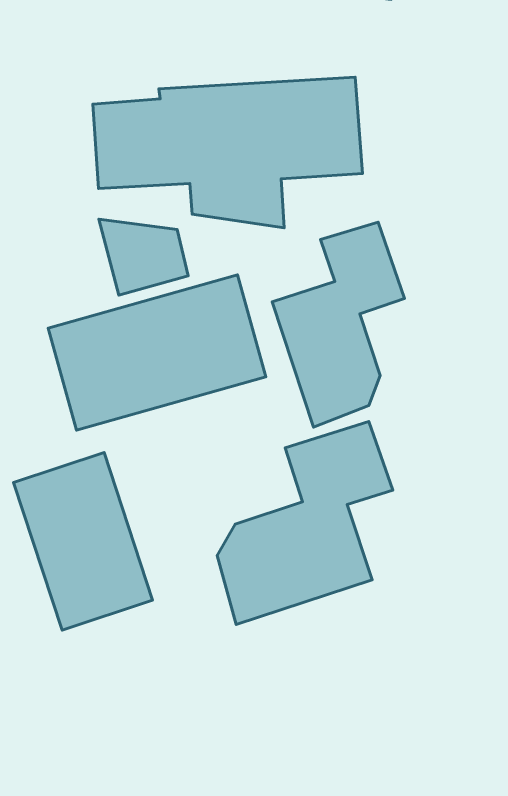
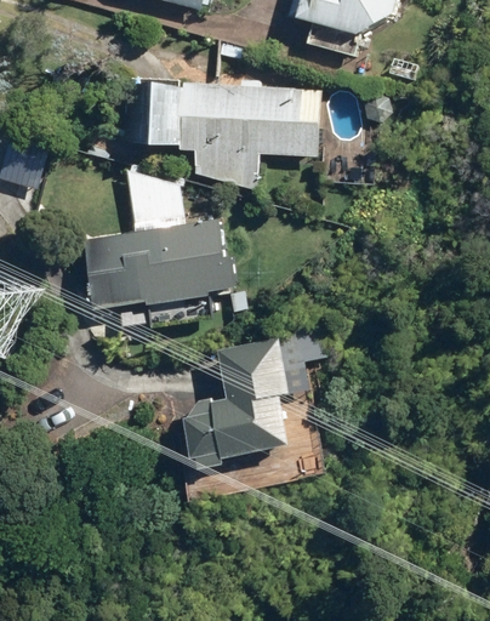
building: [272,222,404,427] -> none
building: [13,453,153,630] -> none

